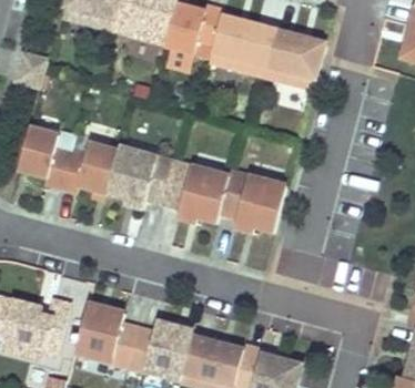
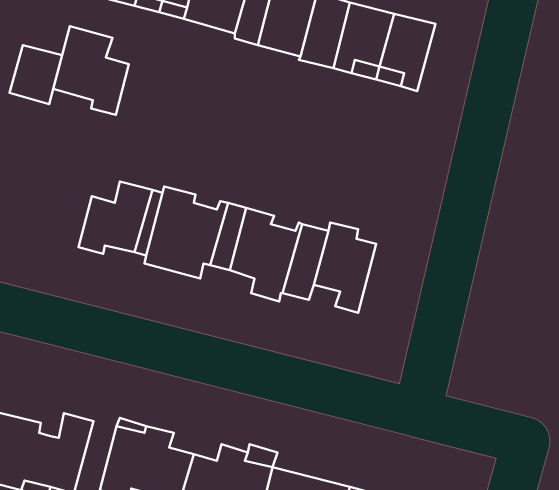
building: [289,35,324,88] -> none
building: [18,126,69,186] -> [53,26,129,115]
building: [249,178,285,232] -> none

